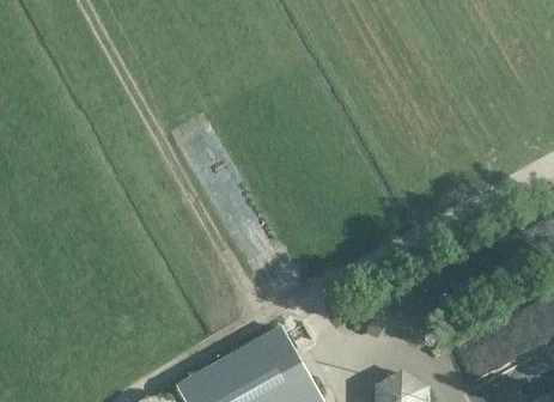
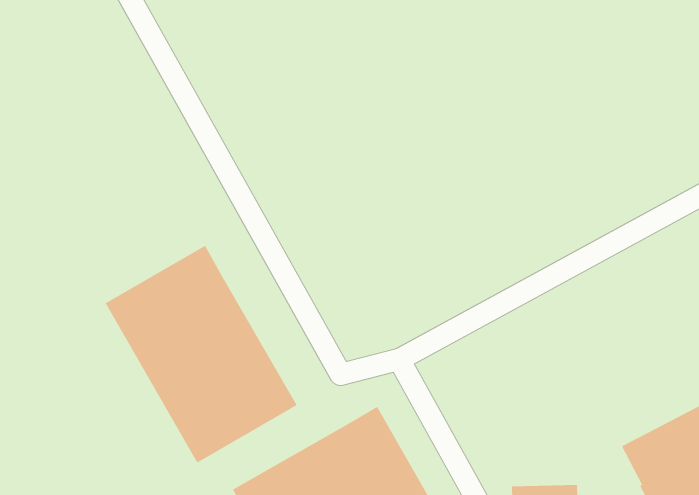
building: none -> [105,245,297,464]

